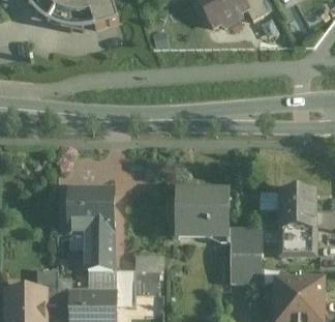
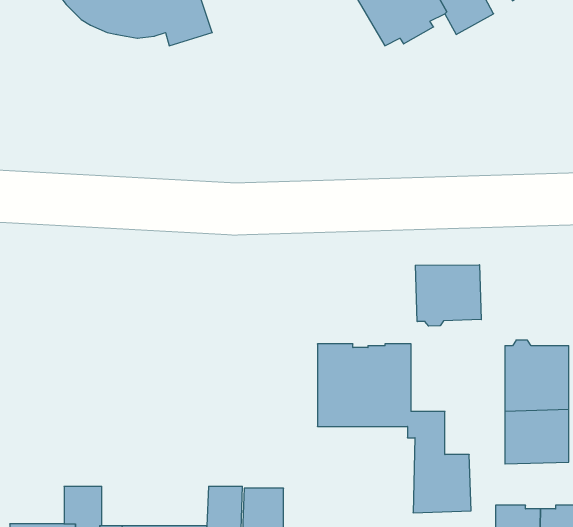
building: none -> [415,265,481,326]
building: [70,191,113,270] -> none

